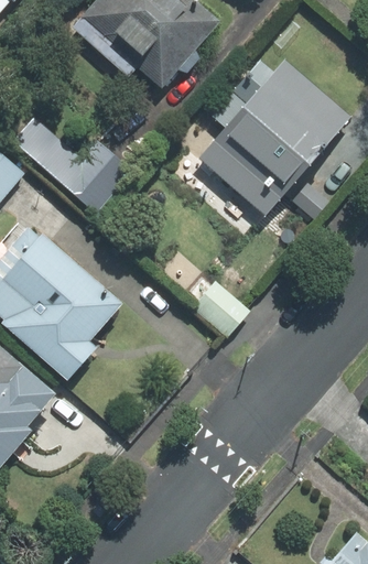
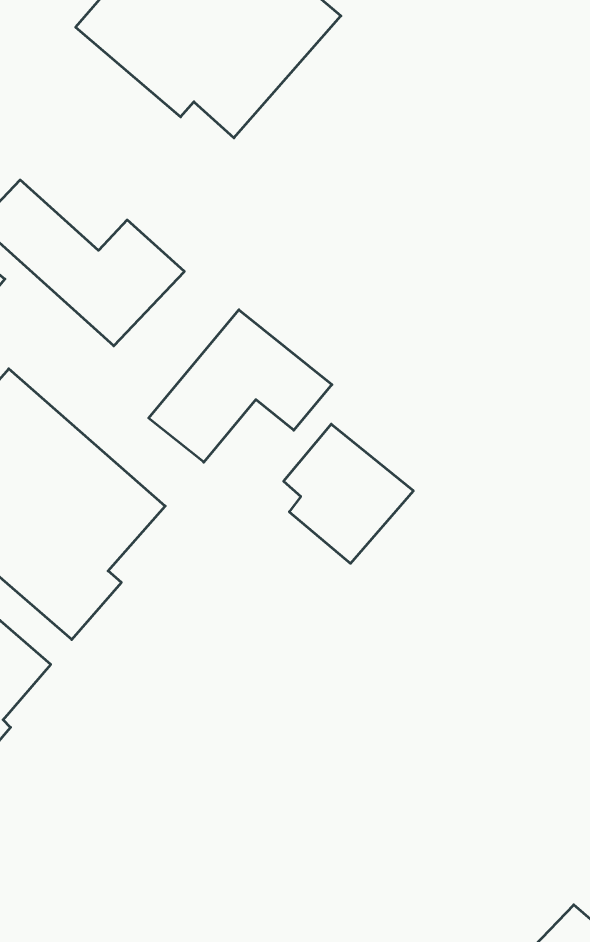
building: [196,57,353,224] -> none
building: none -> [149,310,332,462]

